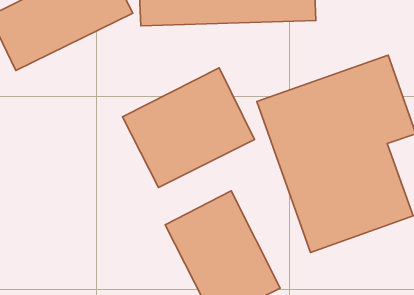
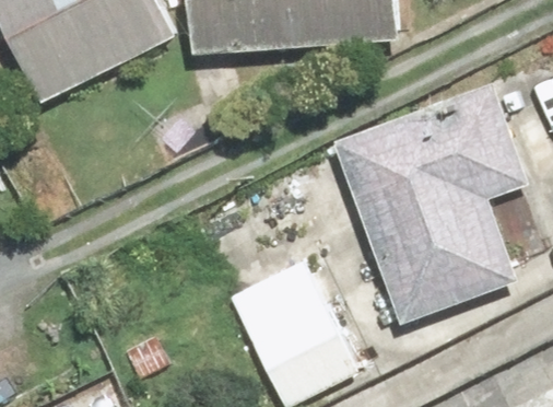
building: [122,68,255,187] -> none

